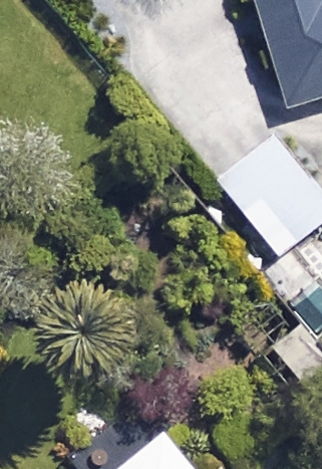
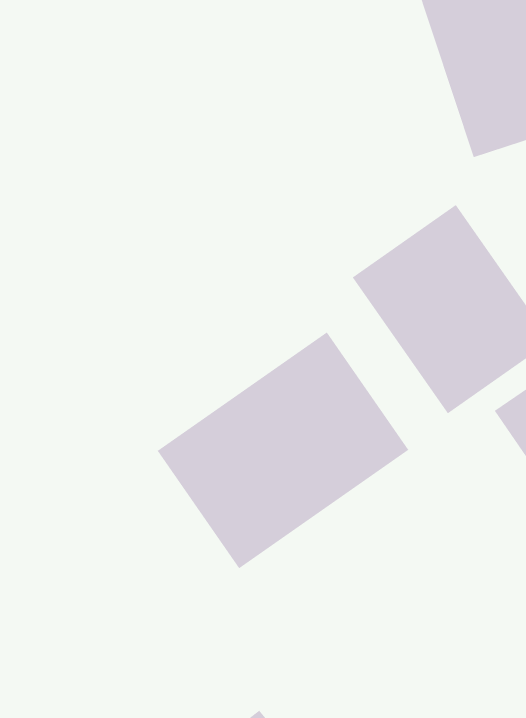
building: none -> [157,331,409,569]

